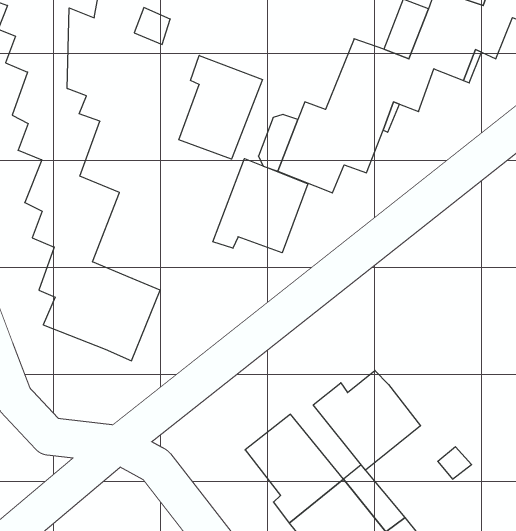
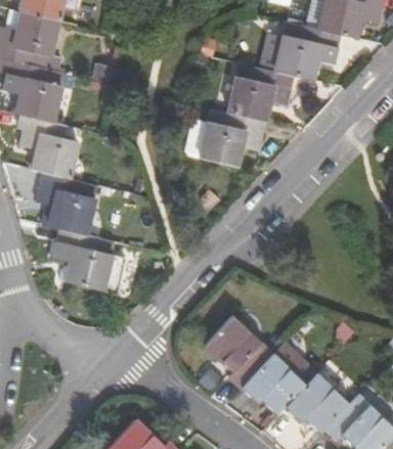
building: [179,55,262,159] -> none
building: [213,159,308,253] -> none
building: [313,370,421,470] -> none

